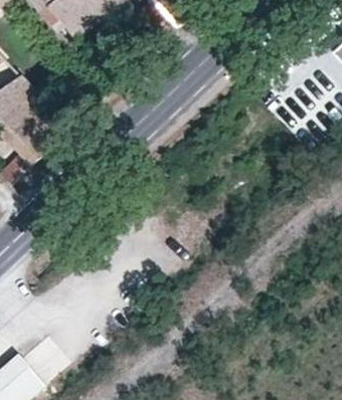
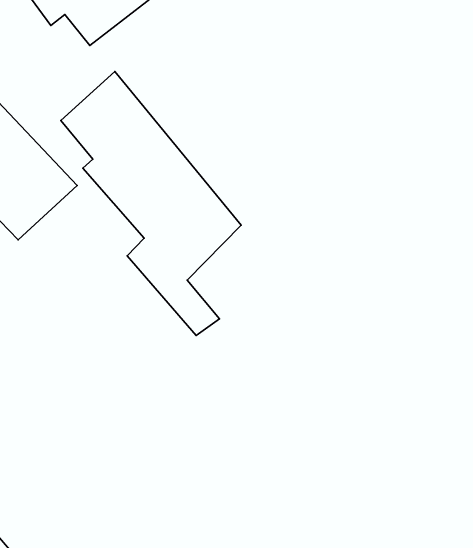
building: none -> [61,71,241,336]

